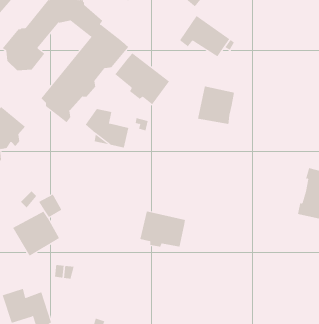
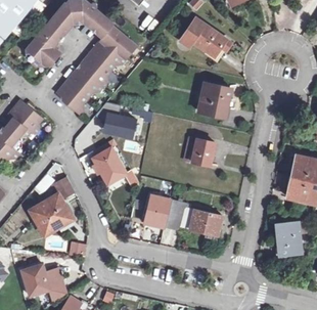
building: [115,52,170,105] -> none
building: none -> [184,136,215,166]
building: none -> [94,146,127,184]
building: none -> [182,208,223,235]
building: none -> [276,221,303,255]

